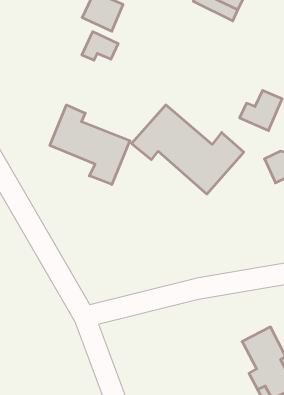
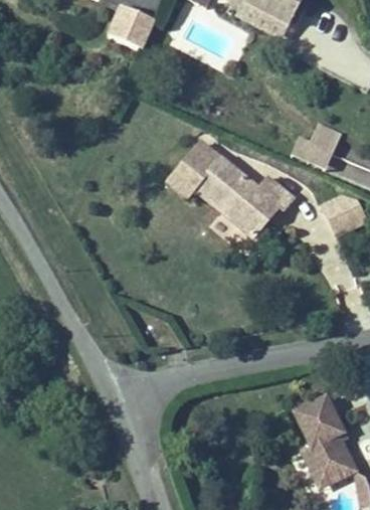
building: [82,32,118,60] -> none
building: [50,105,130,185] -> none

